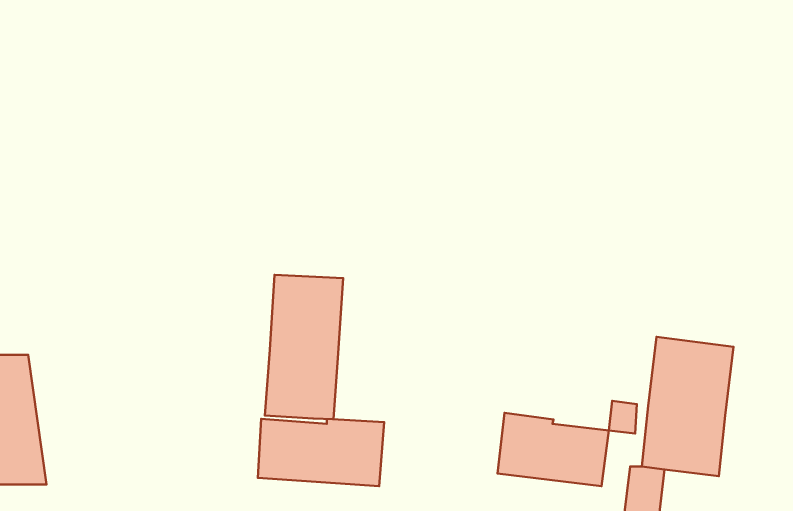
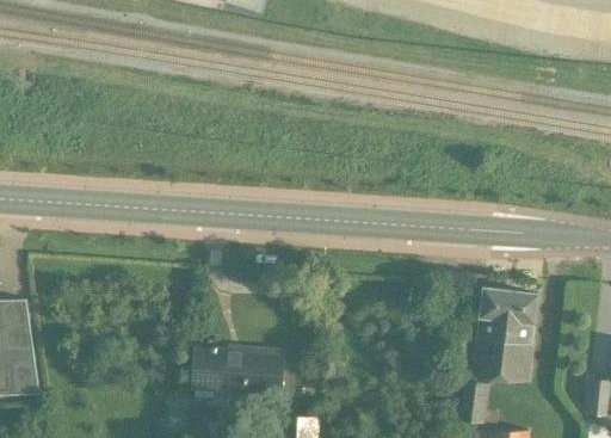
building: [265,275,343,419] -> none
building: [498,413,609,486] -> none

